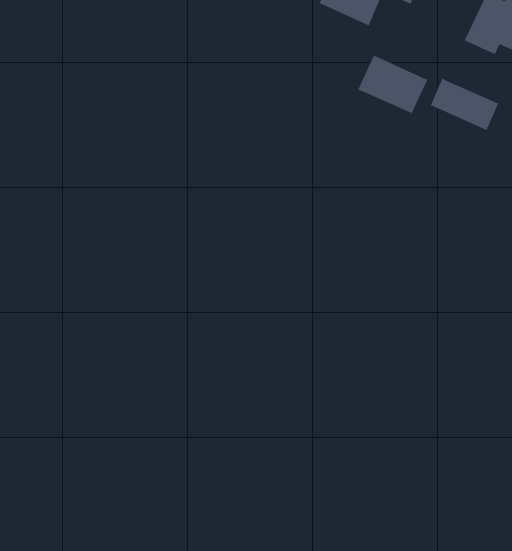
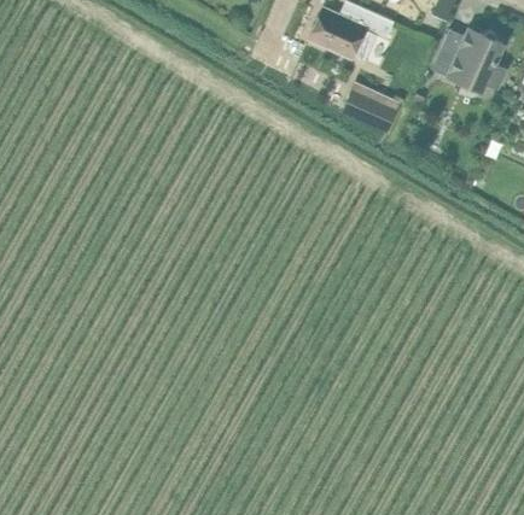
building: [430,78,499,131] -> none

